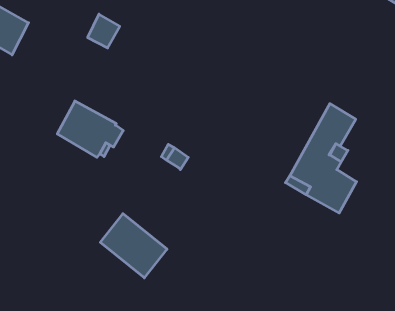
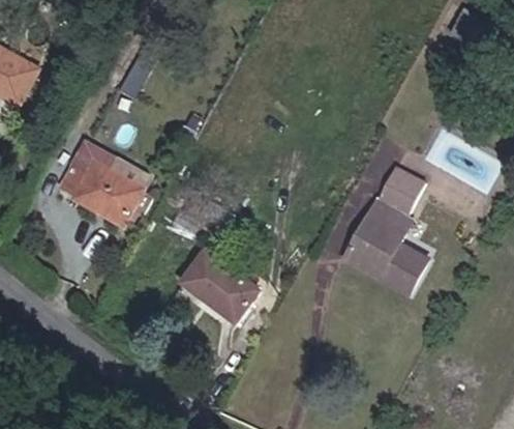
building: none -> [54,150,93,199]
building: [100,214,167,278] -> [182,246,262,322]

